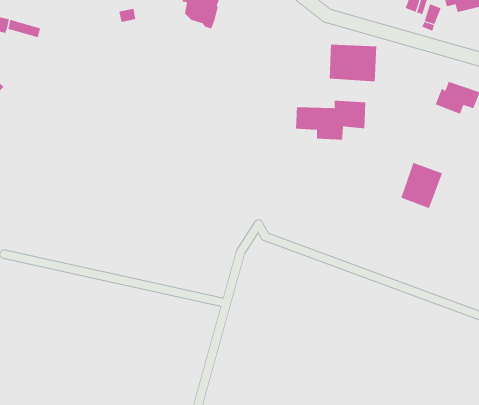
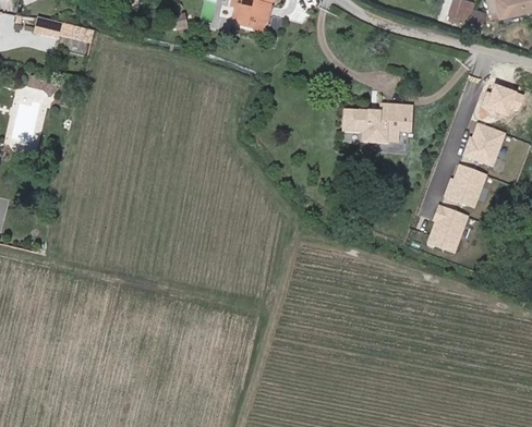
building: [329,44,377,82] -> none
building: none -> [463,122,506,169]
building: none -> [426,205,469,255]

